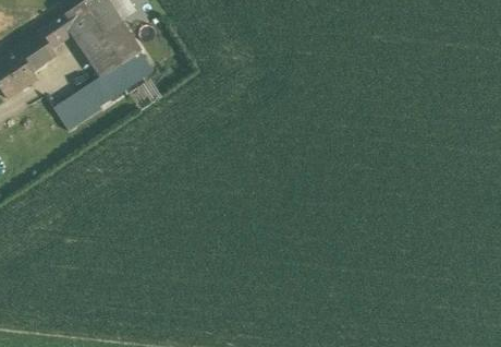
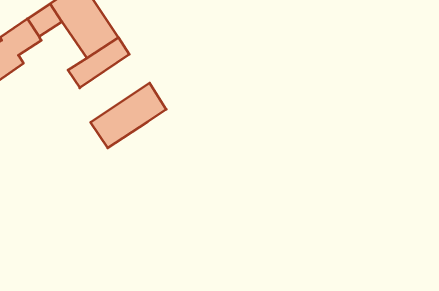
building: [54,87,101,131] -> none
building: none -> [91,83,166,148]

